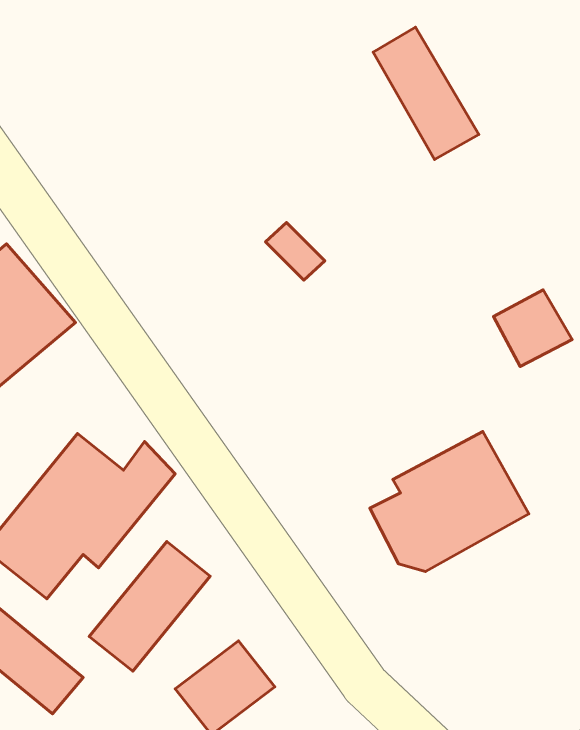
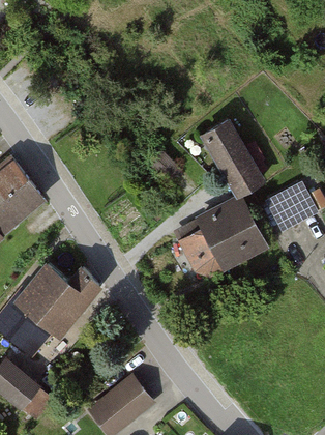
building: [373,27,479,160] -> [205,123,262,195]
building: [370,431,529,571] -> [181,199,267,274]
building: [89,541,210,671] -> none

